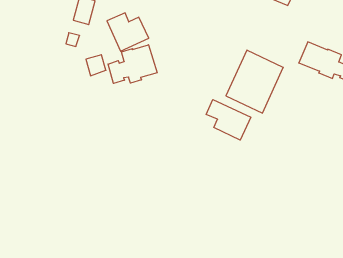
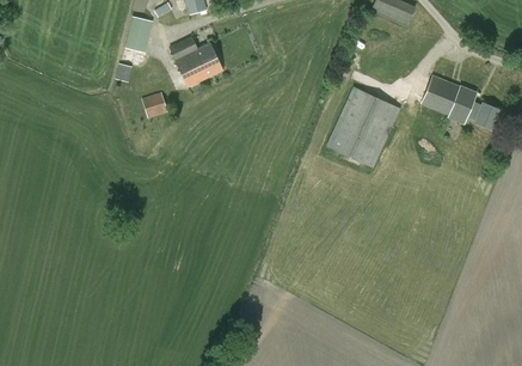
building: [108,45,157,83] -> none
building: [206,100,251,140] -> none

